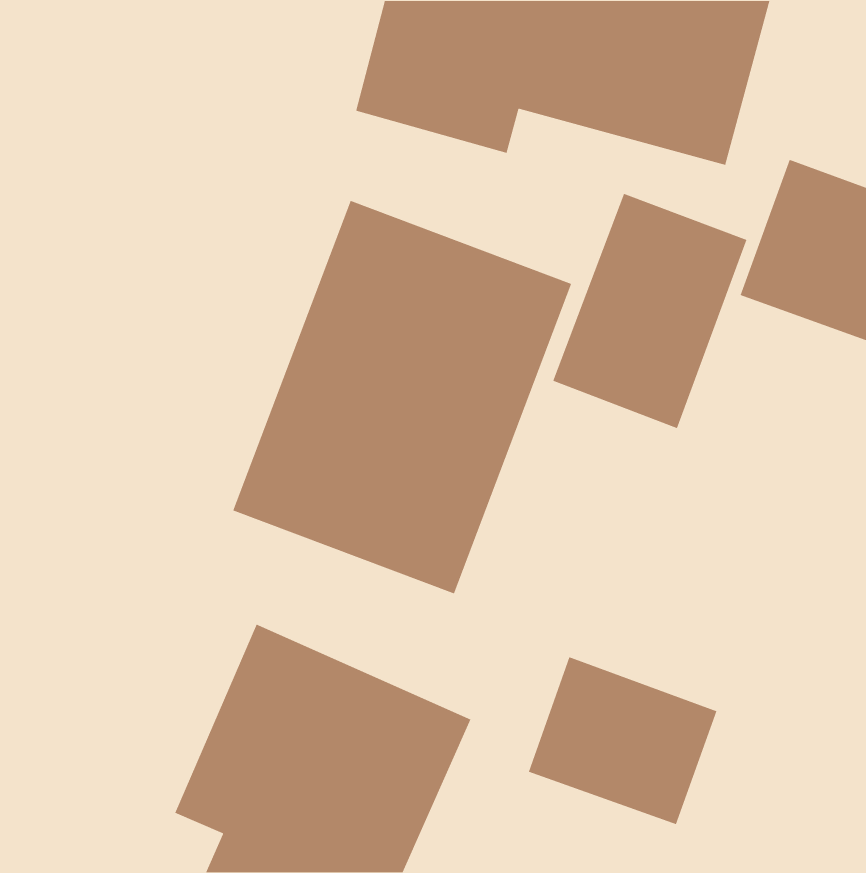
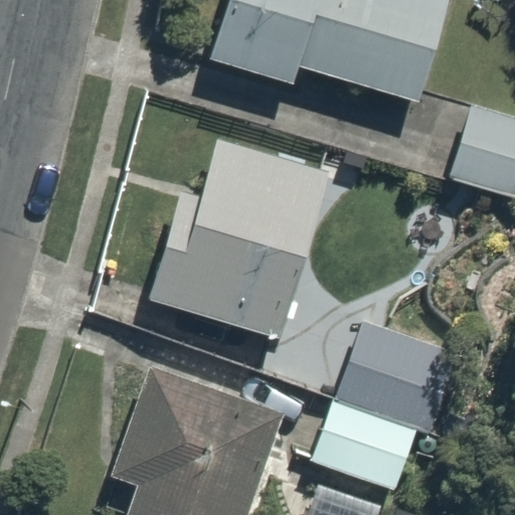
building: [552,193,748,429] -> none
building: none -> [339,310,455,418]

